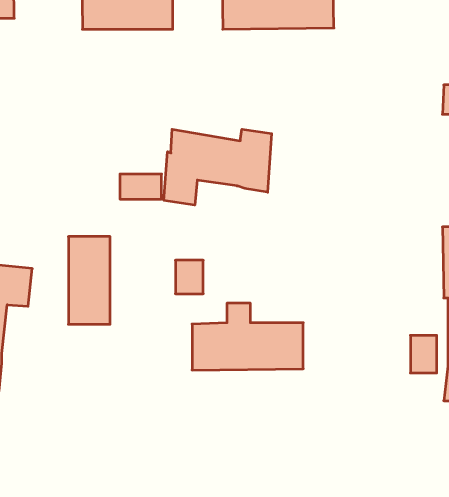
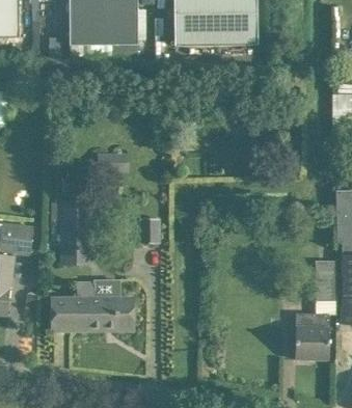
building: [164,129,272,205] -> none
building: [192,303,303,370] -> [50,281,133,331]
building: none -> [295,316,327,360]

